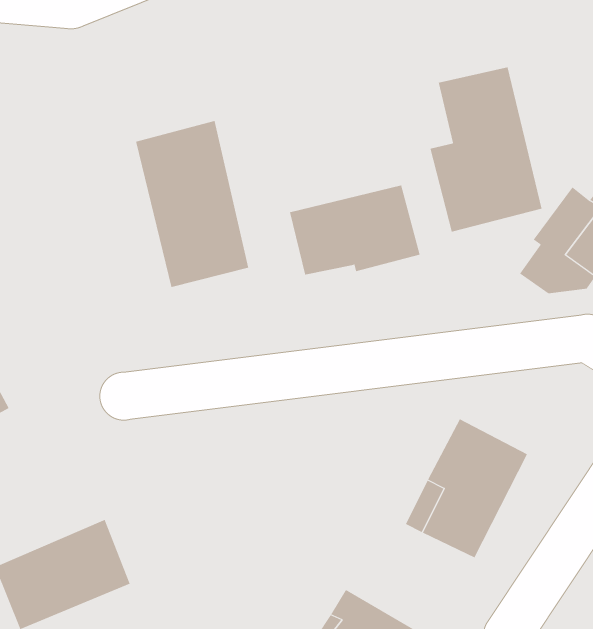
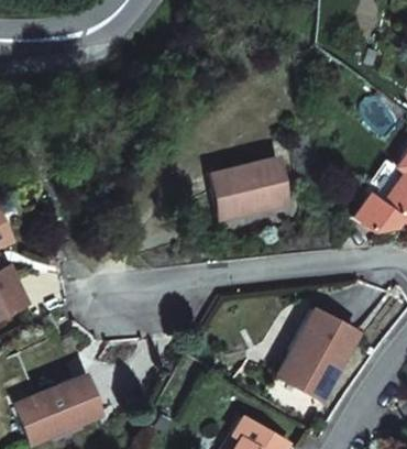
building: [430,67,542,233] -> none
building: [136,120,249,288] -> none

